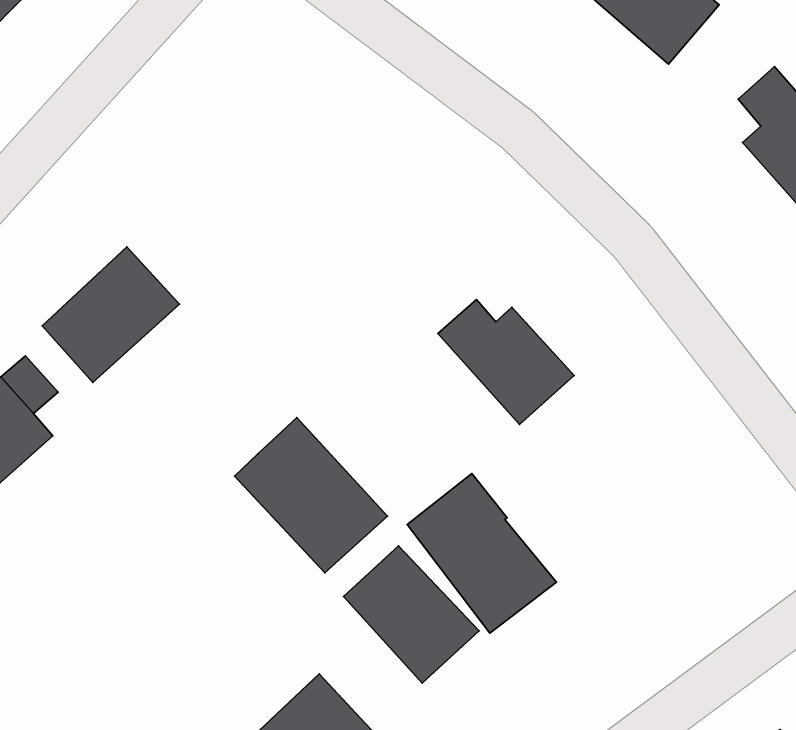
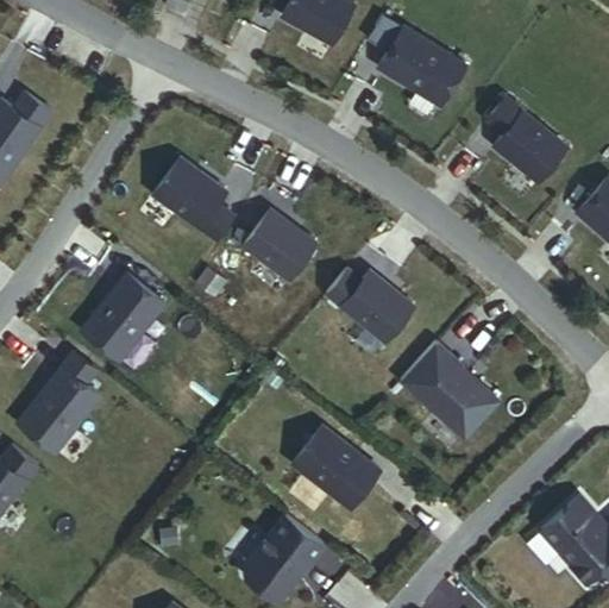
building: none -> [152,157,234,240]
building: none -> [243,209,316,280]
building: [234,418,387,573] -> none
building: [407,473,556,633] -> [400,341,497,438]

